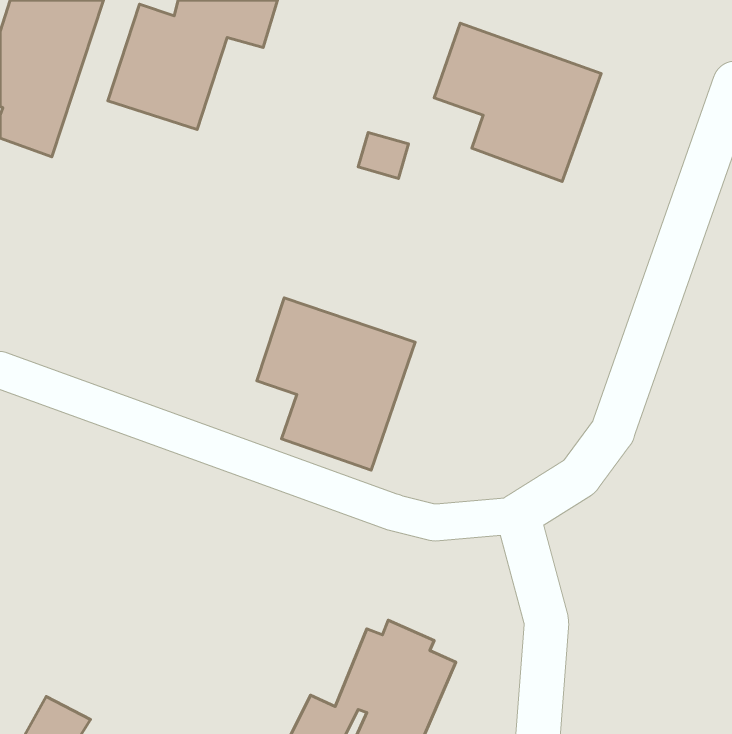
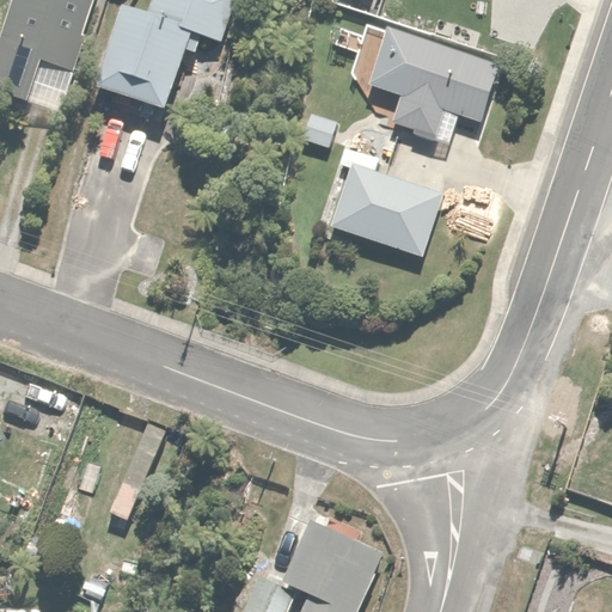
building: none -> [328,163,443,255]
building: [257,298,415,470] -> none

